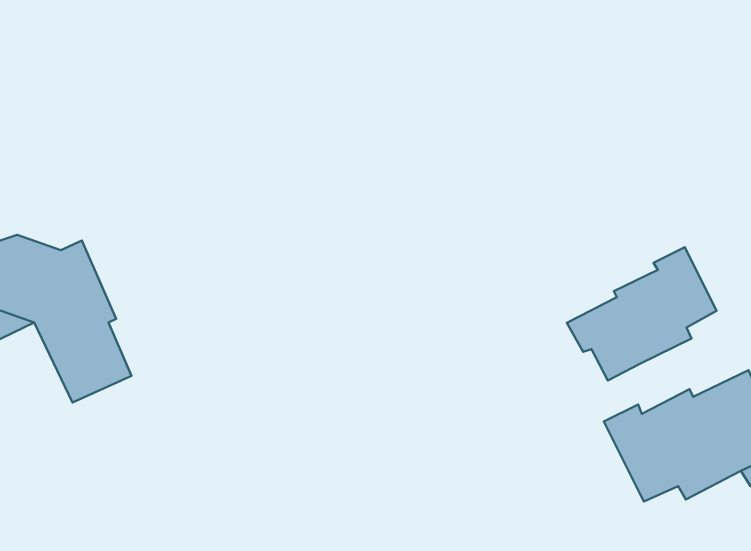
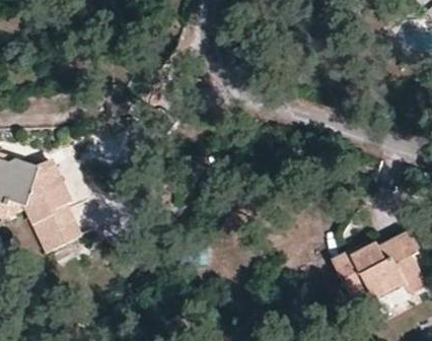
building: [567,247,717,380] -> none

